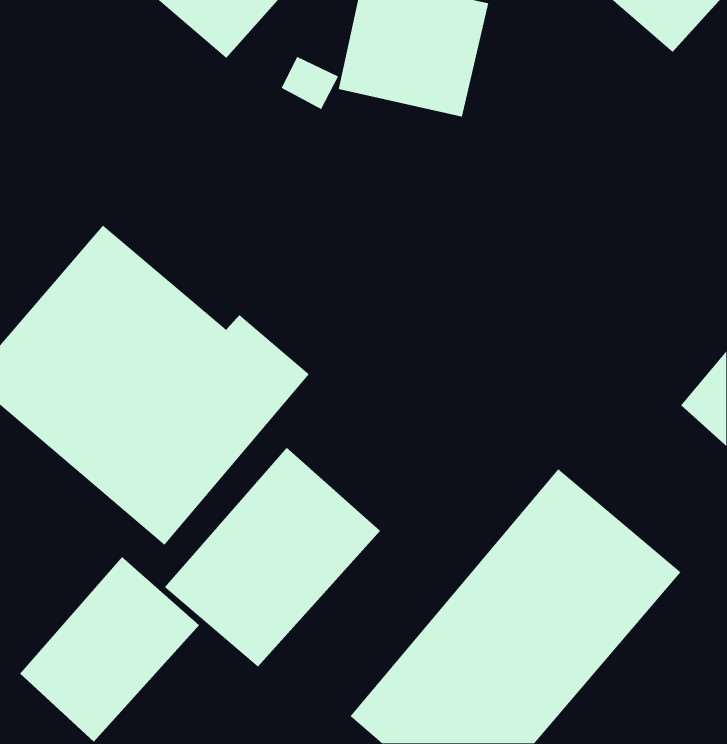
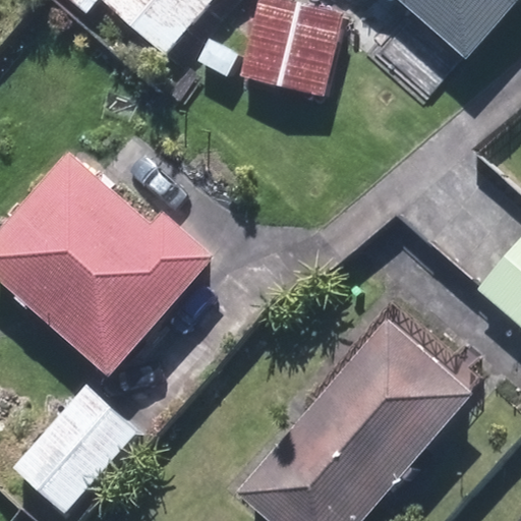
building: [164,447,381,667] -> none

